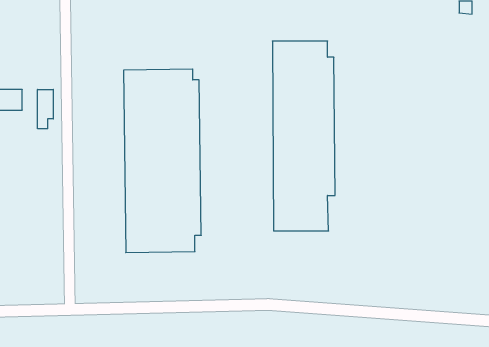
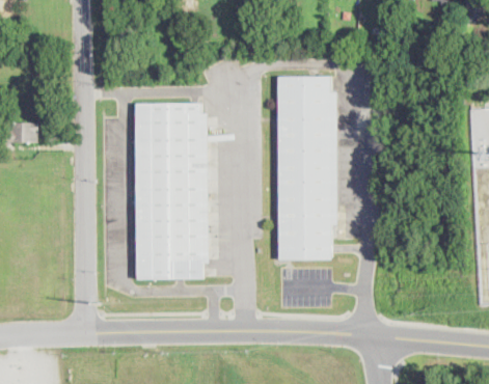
building: [38,89,53,129] -> none

